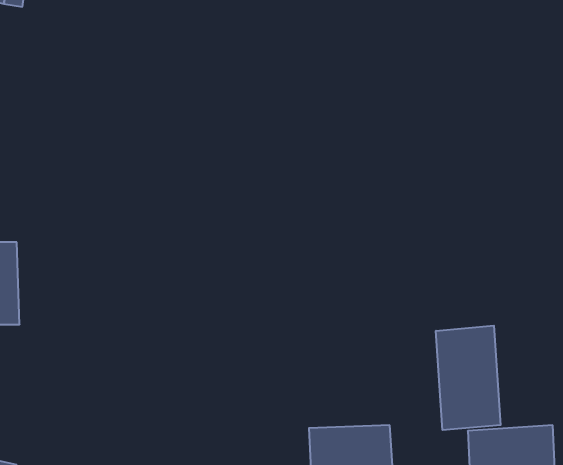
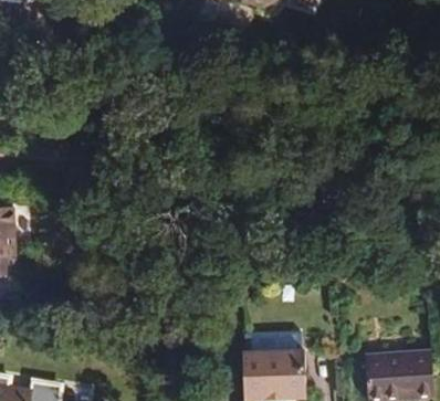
building: [436,326,501,430] -> none

